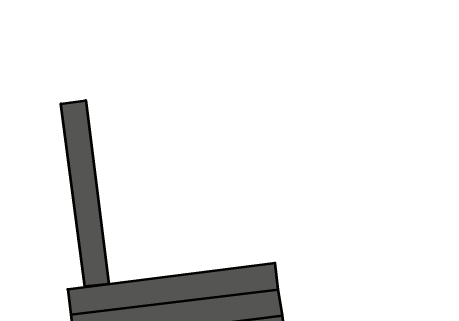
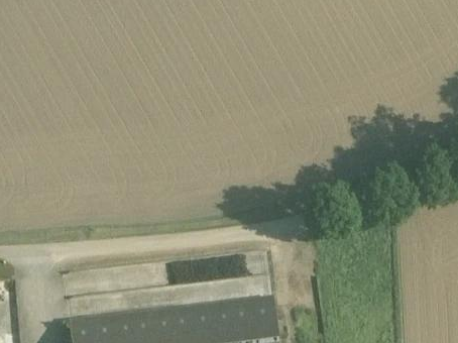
building: [61,100,109,286] -> none

